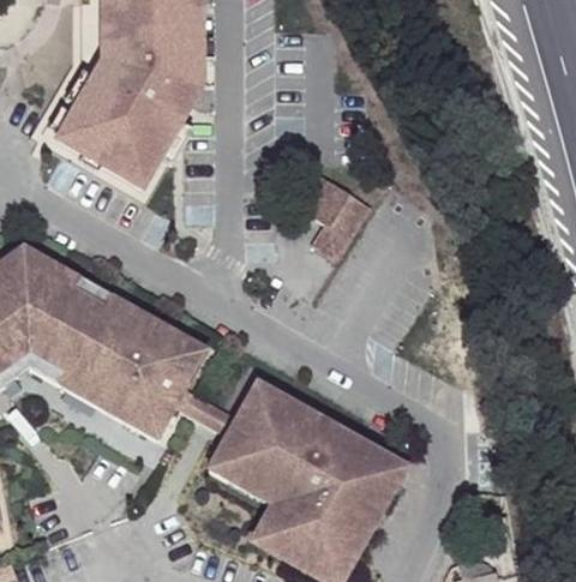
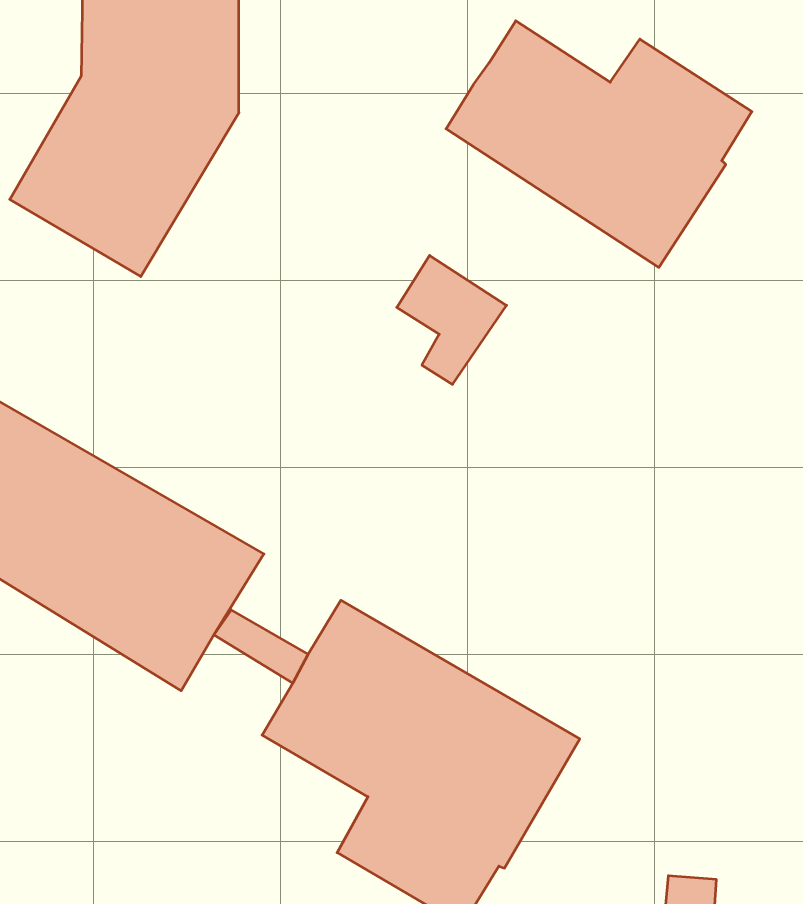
building: none -> [446,21,752,267]

